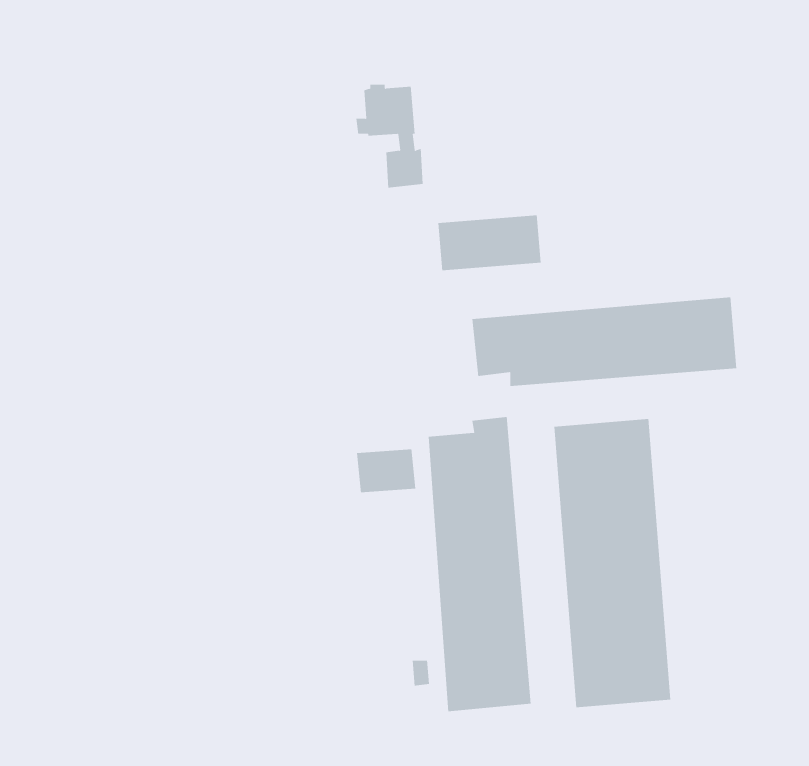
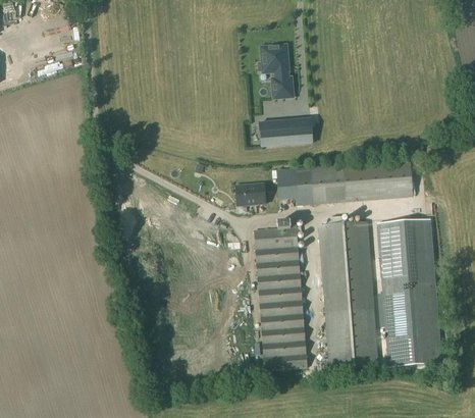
building: [356,84,423,188] -> [257,44,292,97]
building: none -> [377,221,441,367]
building: [356,449,416,493] -> [234,184,265,206]

